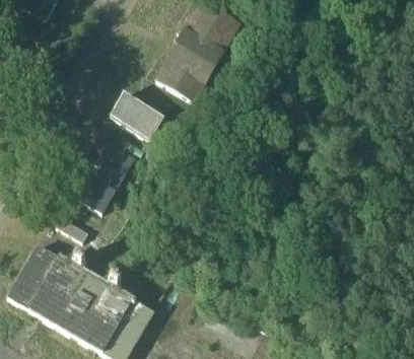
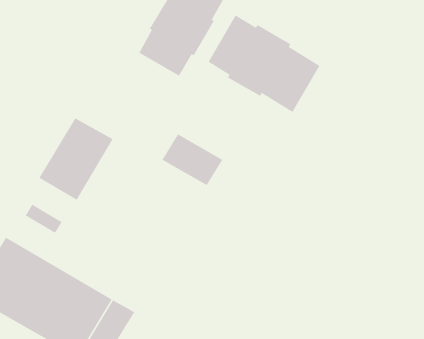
building: none -> [208,15,320,113]
building: [110,92,164,139] -> [162,134,223,186]

